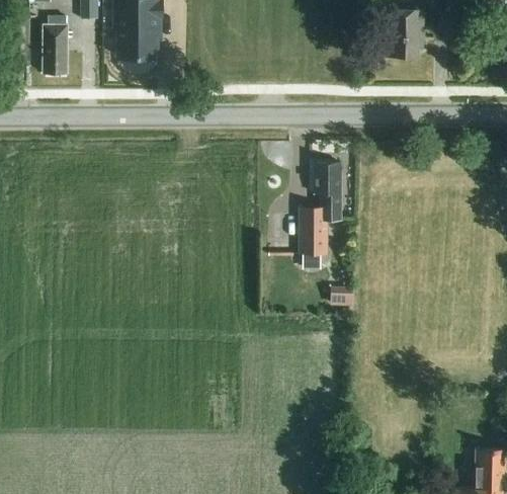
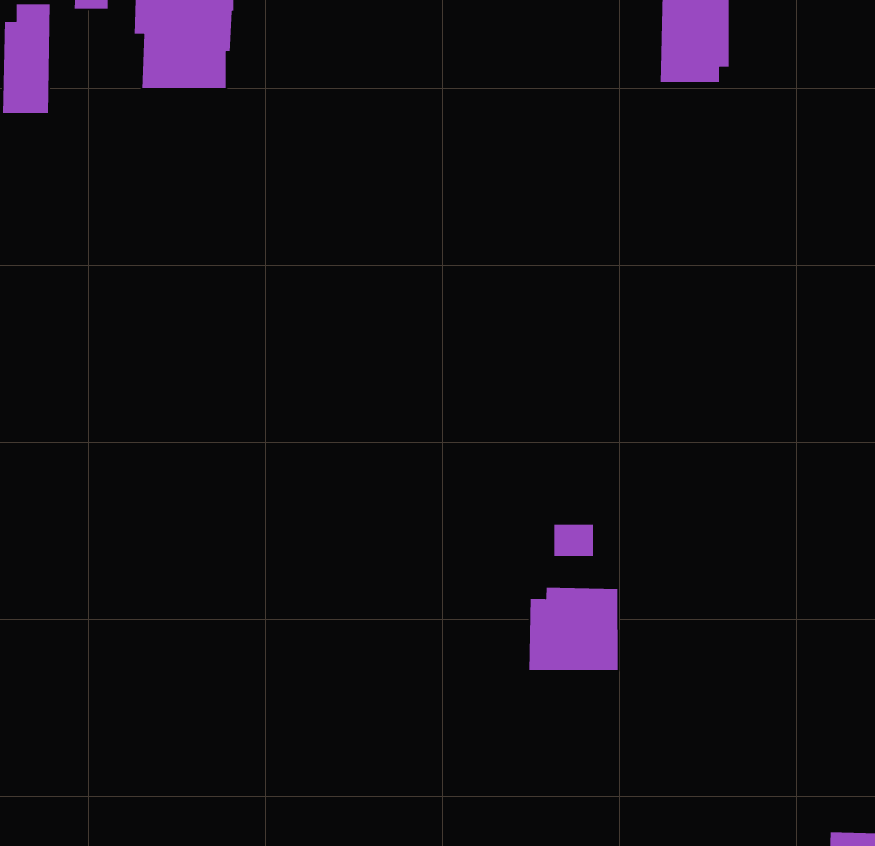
building: [298,163,341,269] -> none
building: none -> [528,587,619,671]

